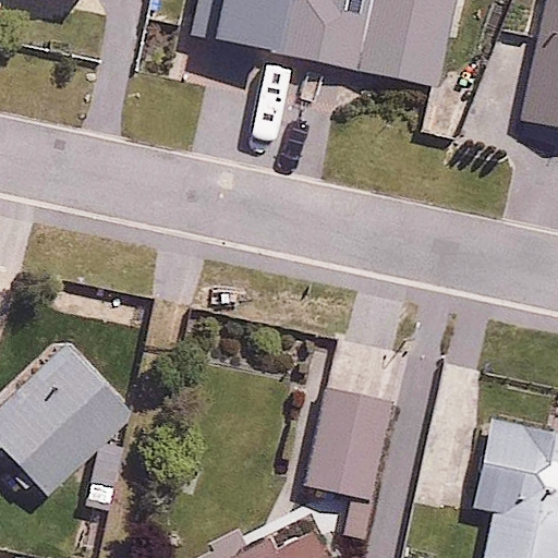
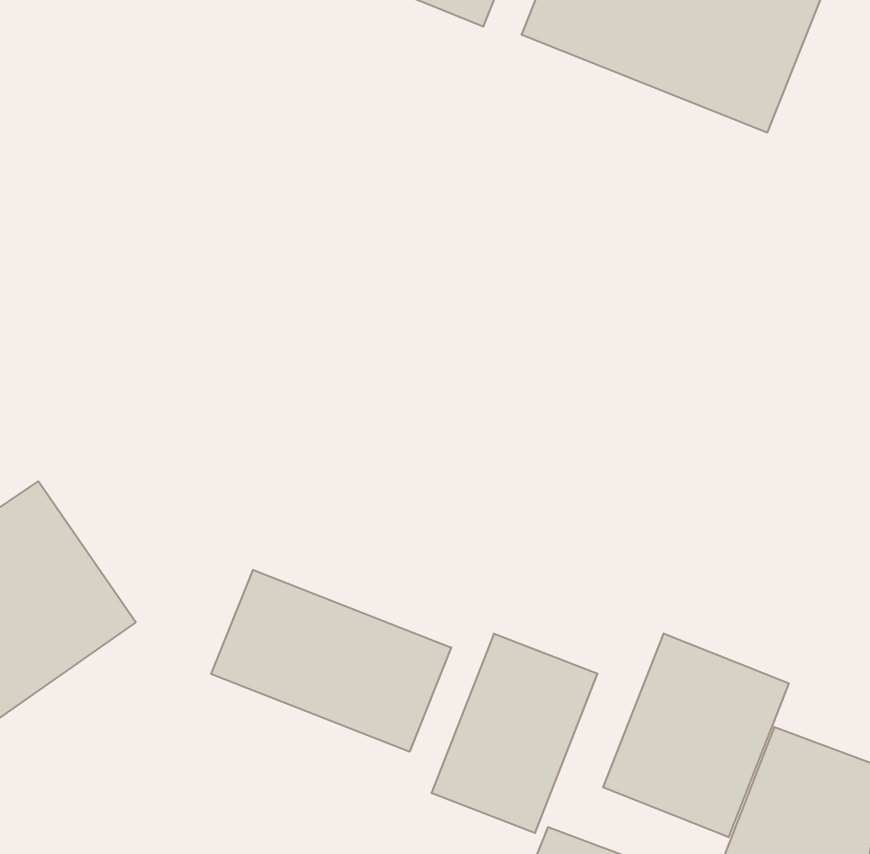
building: none -> [603,633,789,837]
building: none -> [211,570,451,752]

